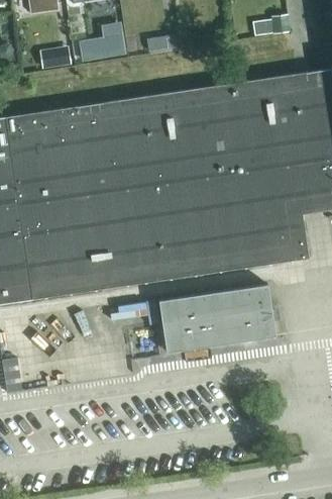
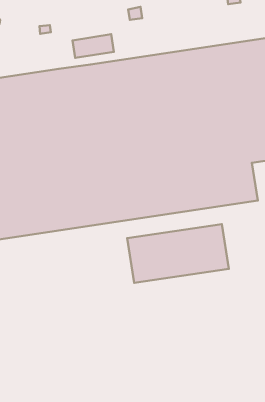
building: [79,33,126,61] -> [73,34,114,58]

